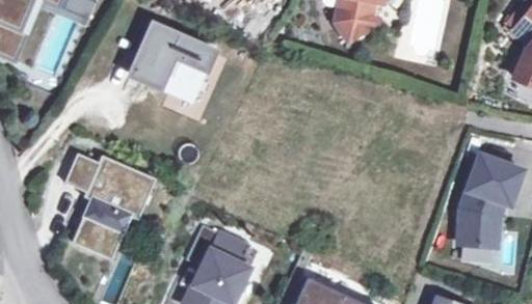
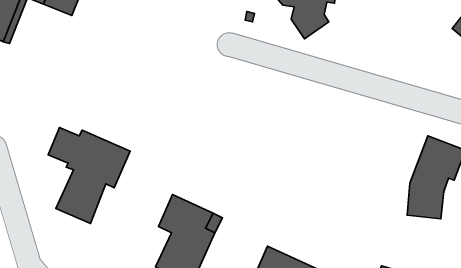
building: [135,25,215,100] -> none

